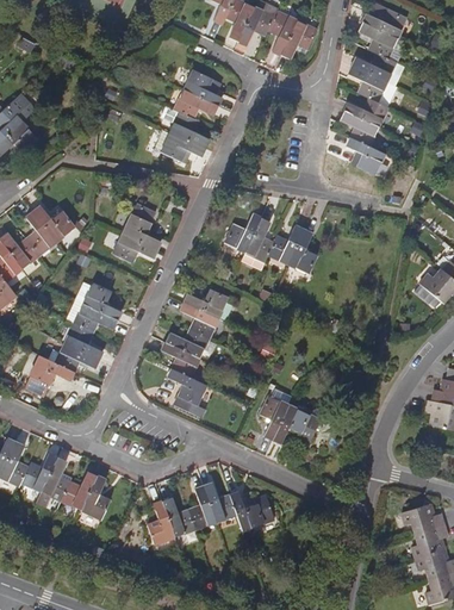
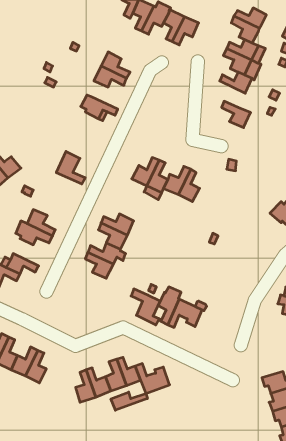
building: [341,110,379,145] -> none
building: [170,112,210,148] -> none
building: [113,234,157,262] -> none
building: [64,323,102,360] -> none
building: [168,368,207,417] -> [131,289,160,325]
building: none -> [111,392,147,410]

